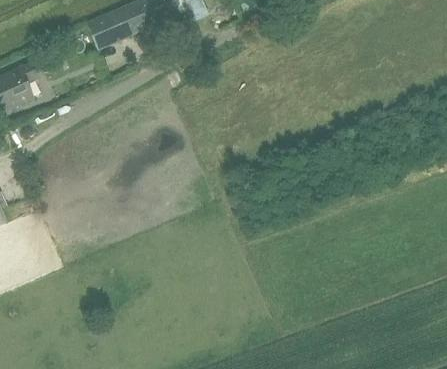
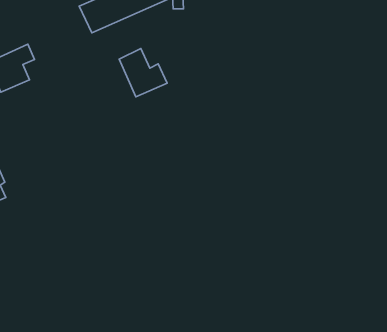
building: none -> [119,49,167,97]

